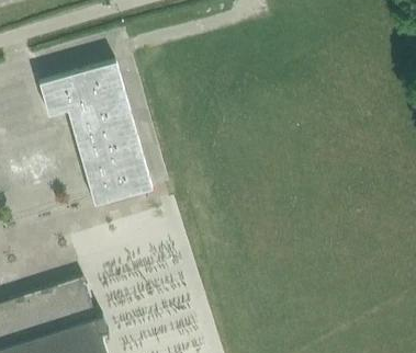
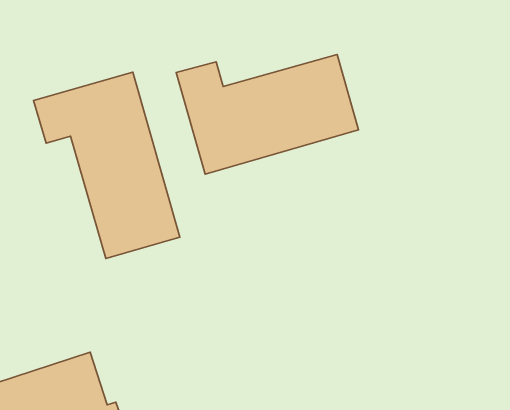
building: none -> [176,55,359,174]

